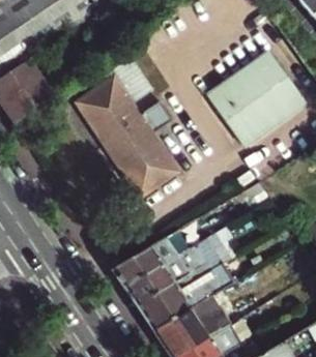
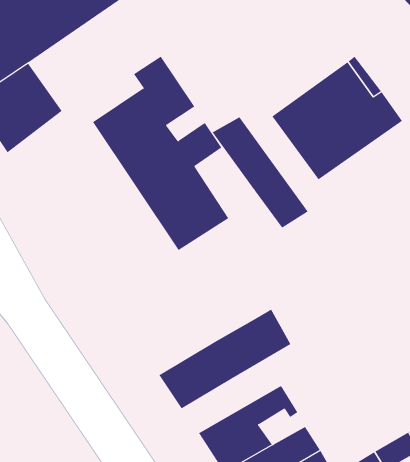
building: none -> [212,116,308,228]
building: [113,230,191,286] -> none
building: [142,263,234,328] -> none

